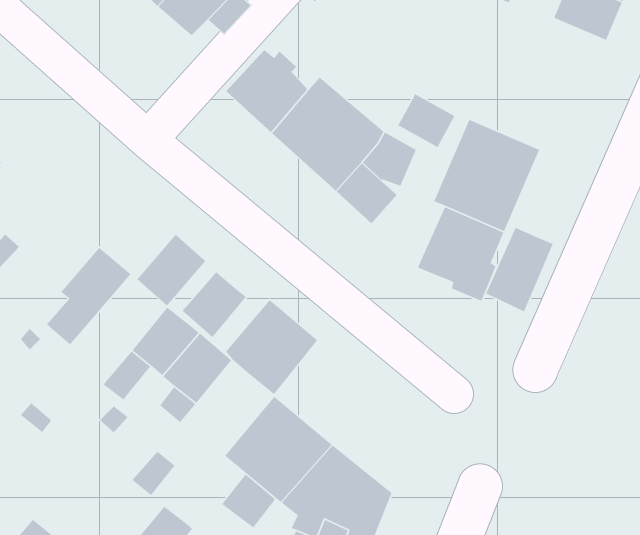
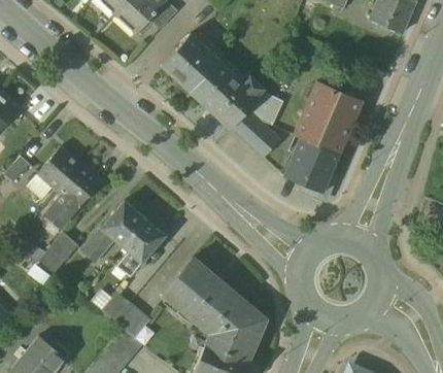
building: [397,93,456,148] -> none
building: [485,227,554,312] -> none
building: [136,234,206,307] -> [37,146,81,193]
building: [182,271,247,338] -> none
building: [225,299,318,395] -> none
building: none -> [39,233,79,274]
building: [221,473,276,528] -> [114,303,149,338]

